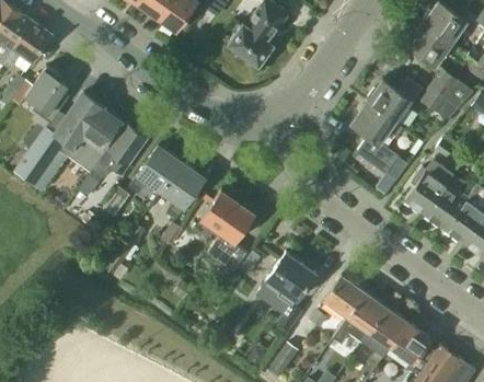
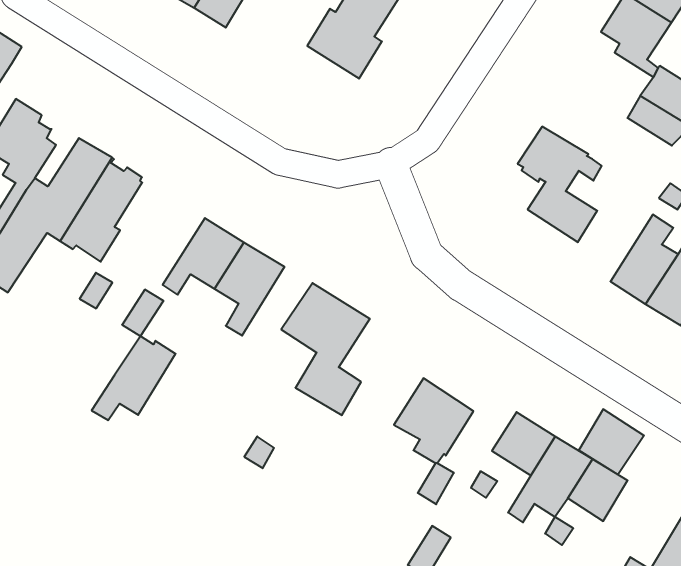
building: [368,81,416,125] -> none
building: [93,127,147,177] -> [92,336,176,420]
building: [391,323,431,363] -> [579,409,644,475]

